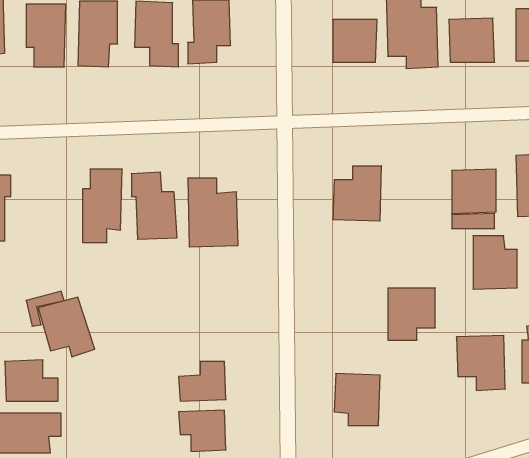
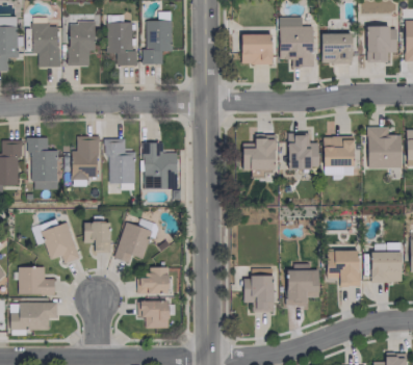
building: none -> [30,137,58,189]
building: [473,236,517,289] -> [288,133,318,170]
building: [388,288,435,340] -> [287,270,319,306]
building: none -> [84,221,111,253]
building: none -> [114,221,153,263]

